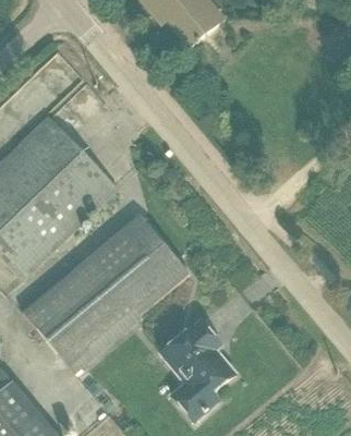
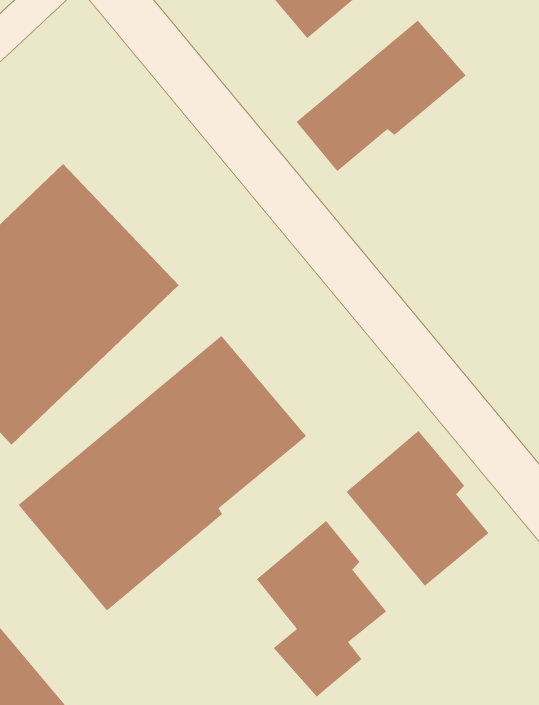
building: none -> [295,19,467,172]
building: none -> [346,430,490,587]

